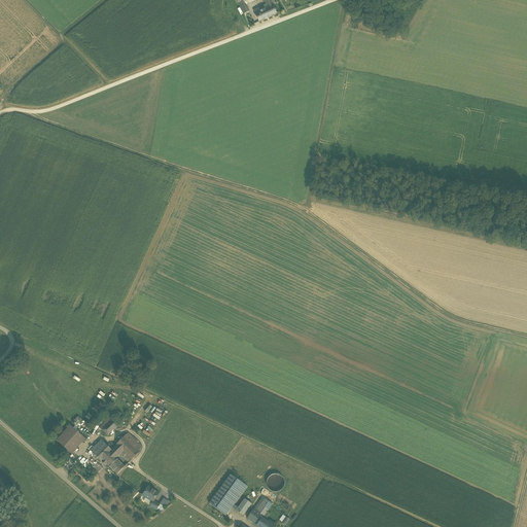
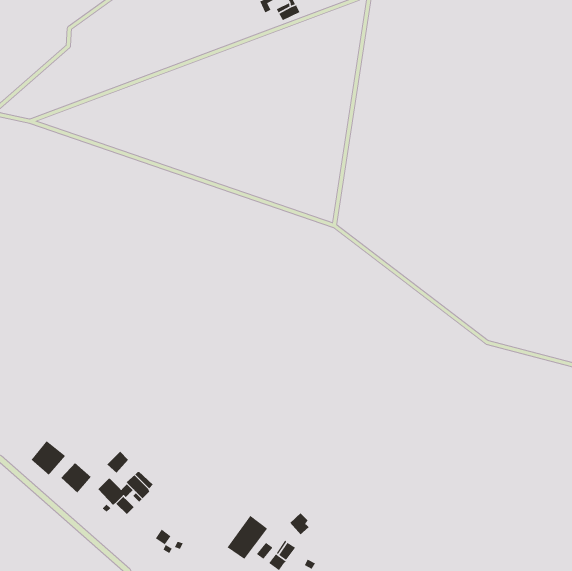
building: none -> [30,440,66,476]

